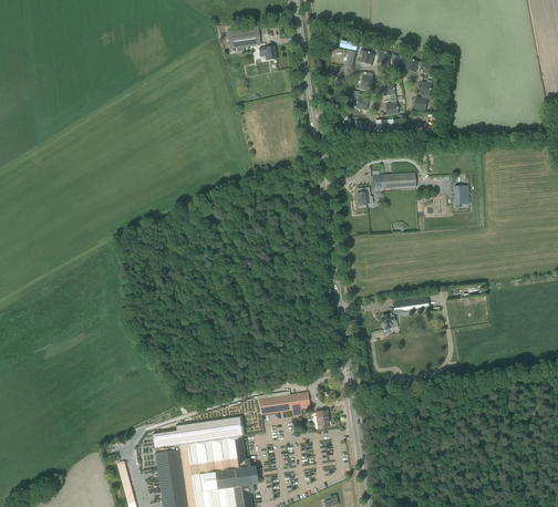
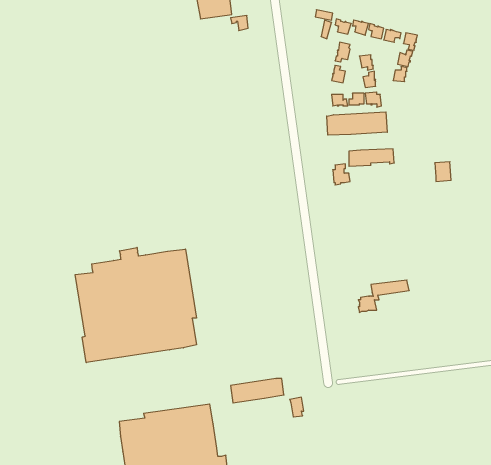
building: none -> [327,112,387,135]
building: none -> [75,247,196,363]

